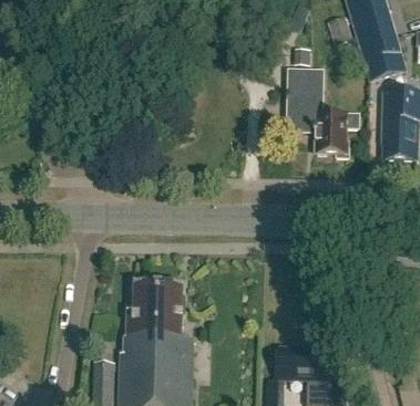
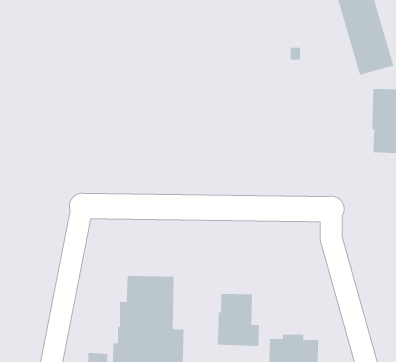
building: [287,70,359,157] -> none
building: none -> [217,293,259,347]

